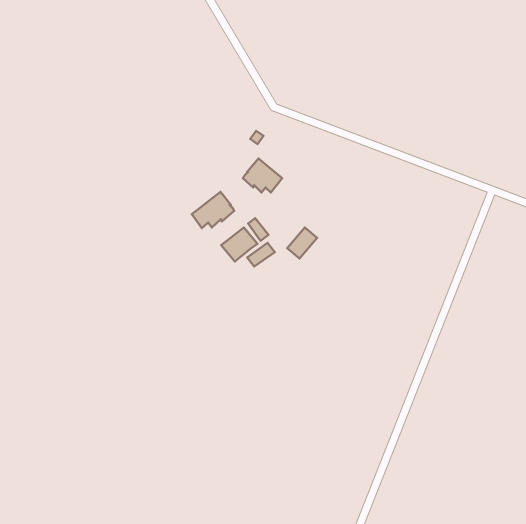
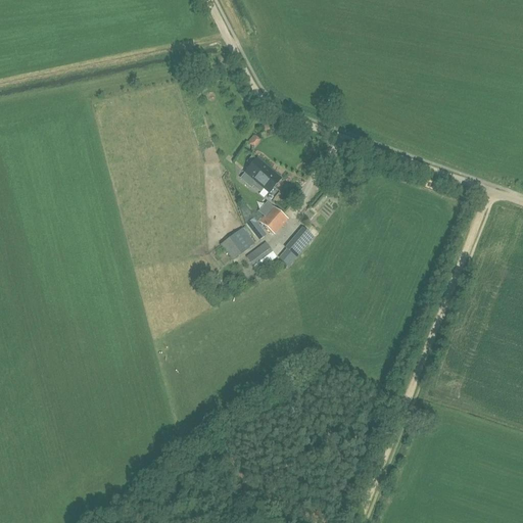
building: [192,192,234,228] -> none
building: none -> [259,204,288,233]

